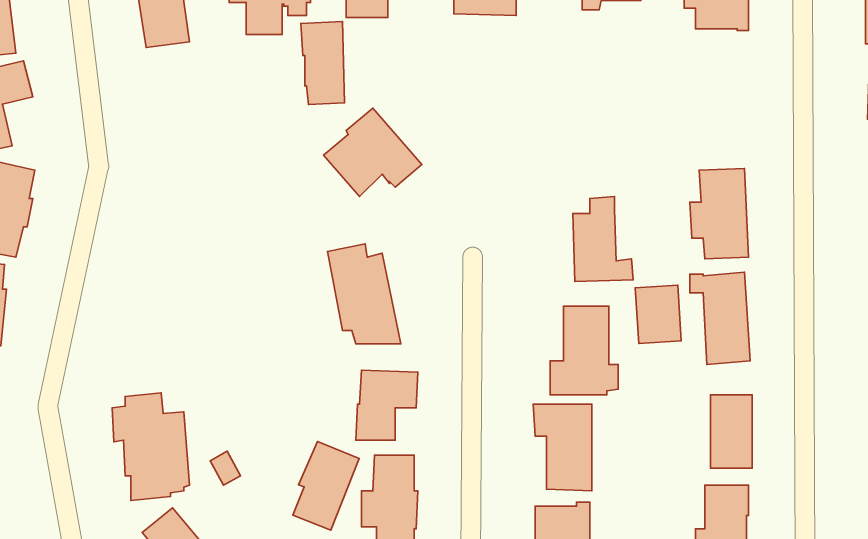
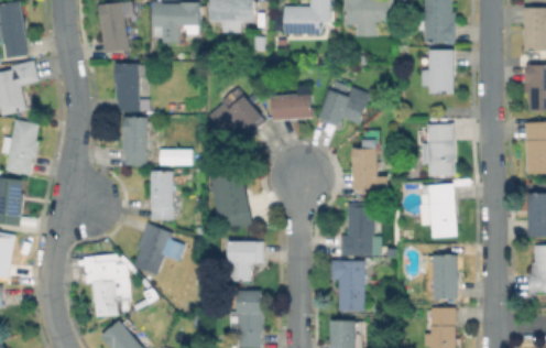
building: [301,22,344,105] -> [114,64,140,112]
building: none -> [429,50,454,94]
building: none -> [319,80,371,128]
building: none -> [272,94,314,121]
building: none -> [123,117,151,166]
building: none -> [156,149,193,167]
building: none -> [152,172,174,219]
building: [635,285,681,343] -> none
building: [293,442,359,530] -> [134,224,173,275]

